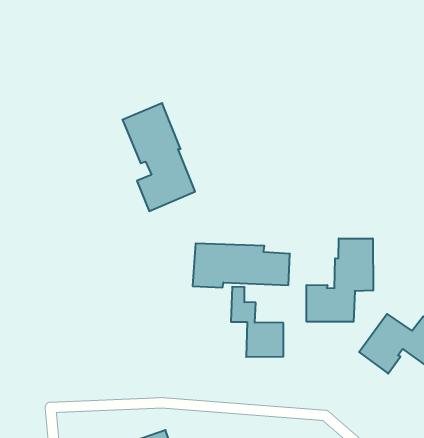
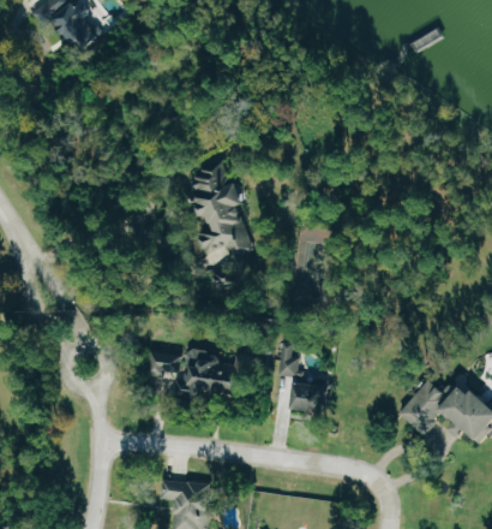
building: [307,238,373,322] -> none
building: [193,243,290,287] -> [145,350,241,397]

